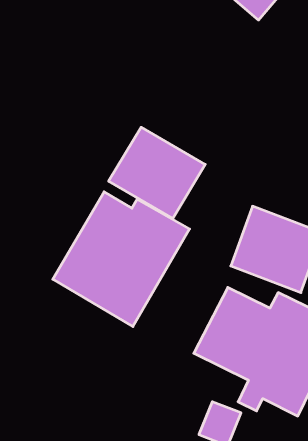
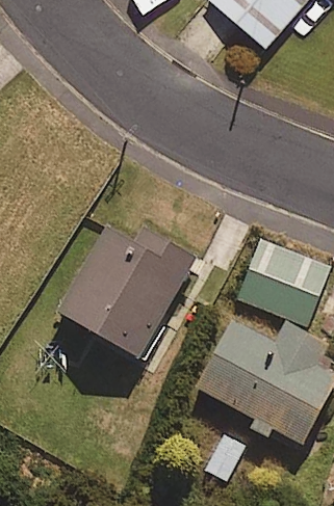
building: [109,127,205,218] -> none

